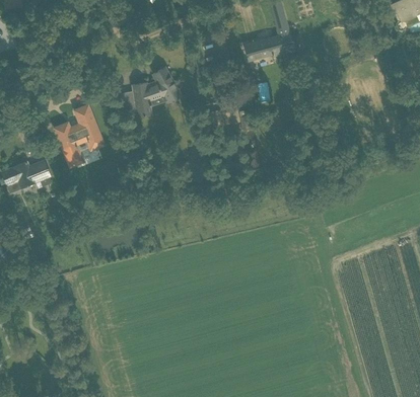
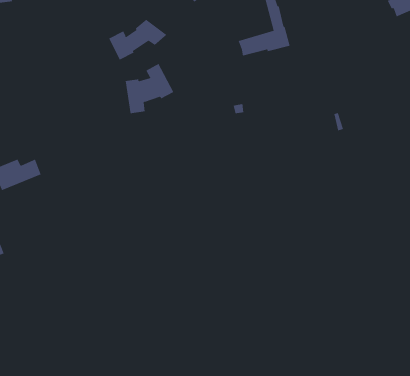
building: none -> [109,19,167,60]
building: [54,104,103,166] -> none

